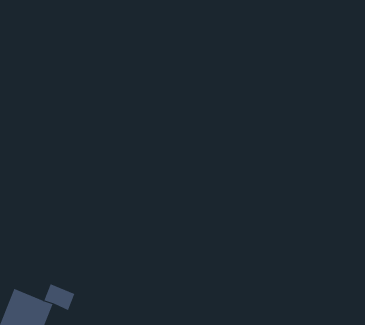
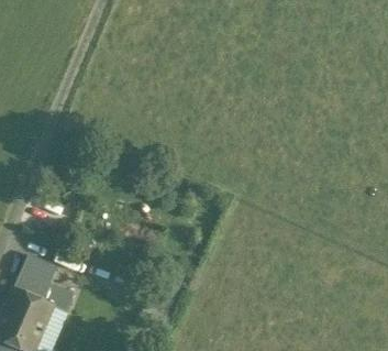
building: none -> [16,257,59,303]

